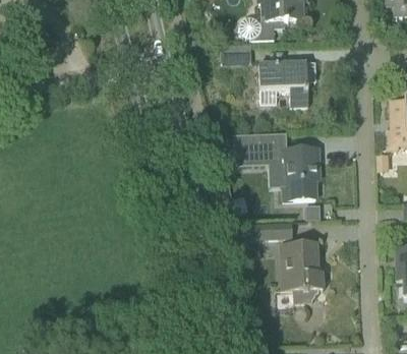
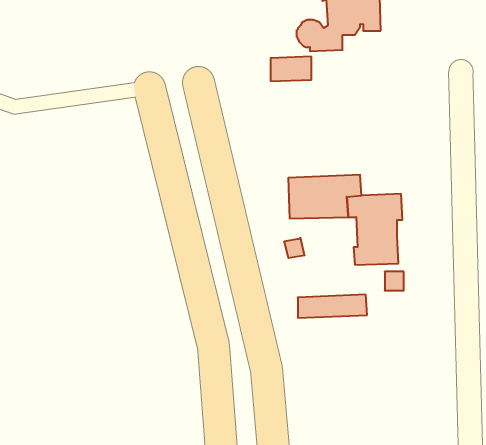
building: [258,61,307,106] -> none
building: [279,242,323,301] -> none

